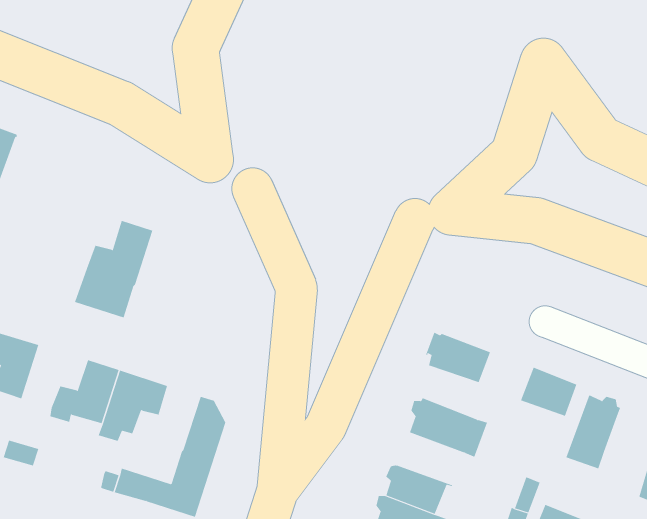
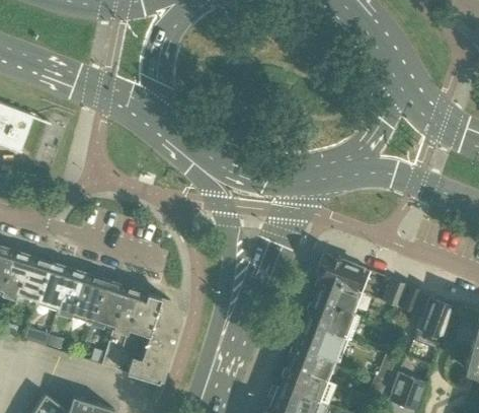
building: [74,220,153,318] -> [106,292,161,360]
building: none -> [37,264,83,307]
building: none -> [315,278,362,316]
building: none -> [296,325,344,361]

